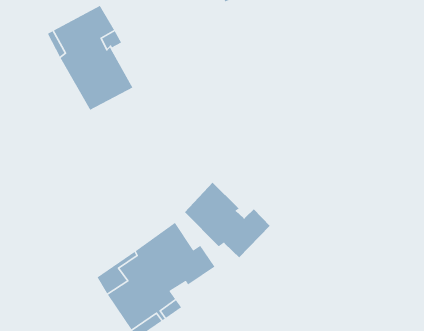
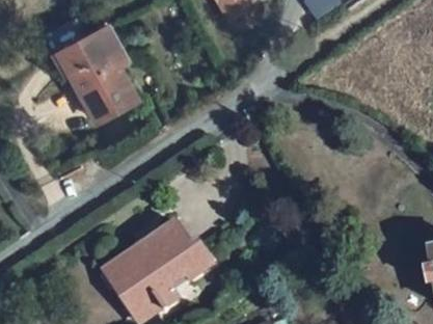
building: [184,182,270,258] -> none

